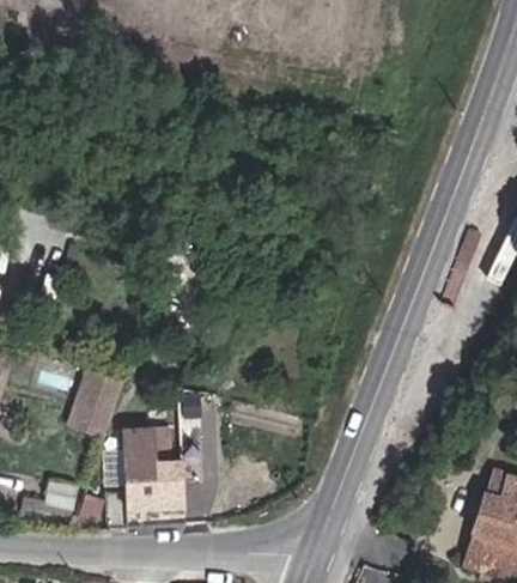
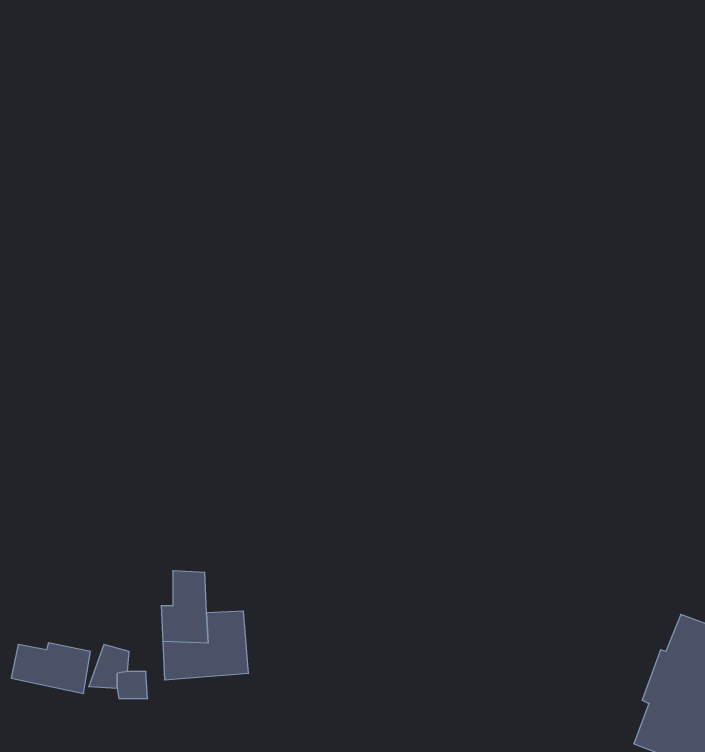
building: [67,368,117,431] -> none

